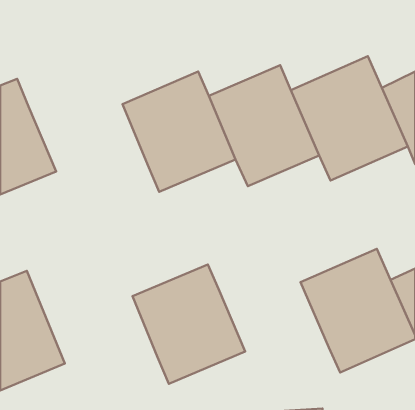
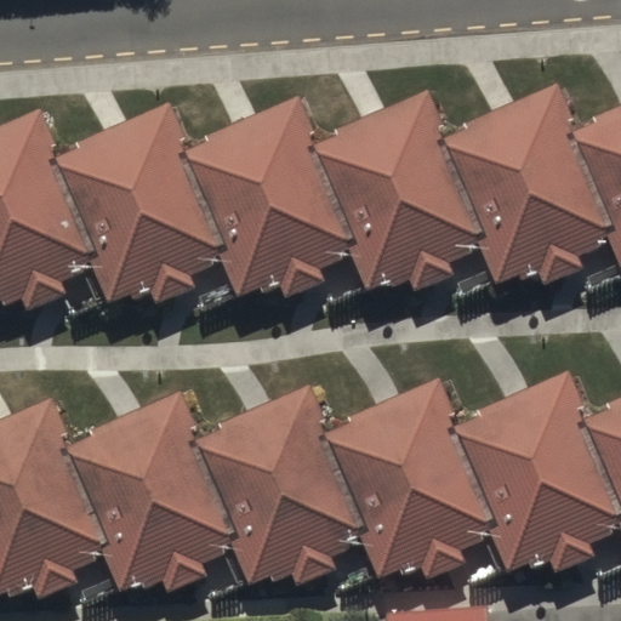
building: none -> [42,118,221,304]
building: none -> [326,392,491,572]
building: none -> [57,404,235,591]

